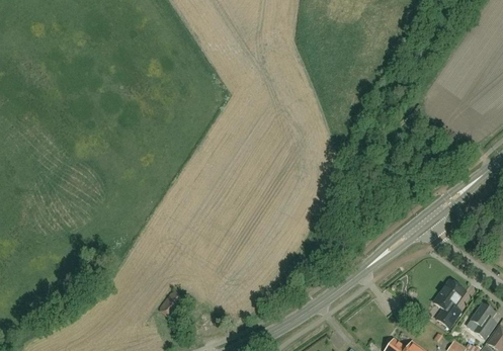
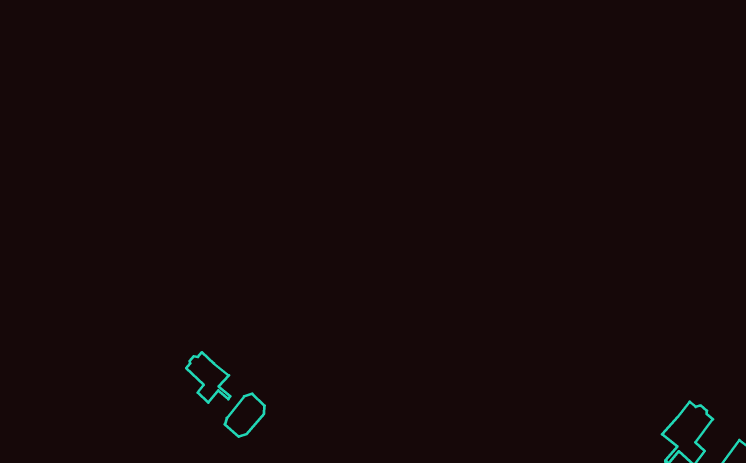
building: none -> [186,352,230,403]

